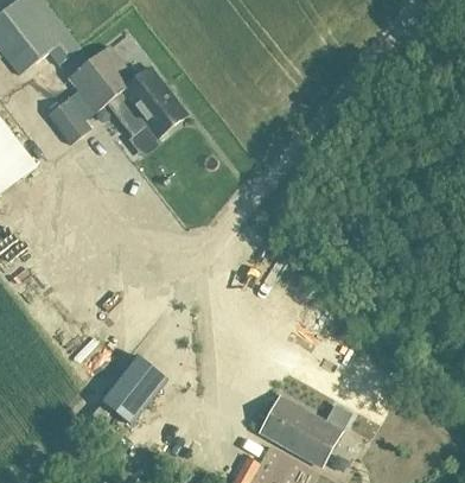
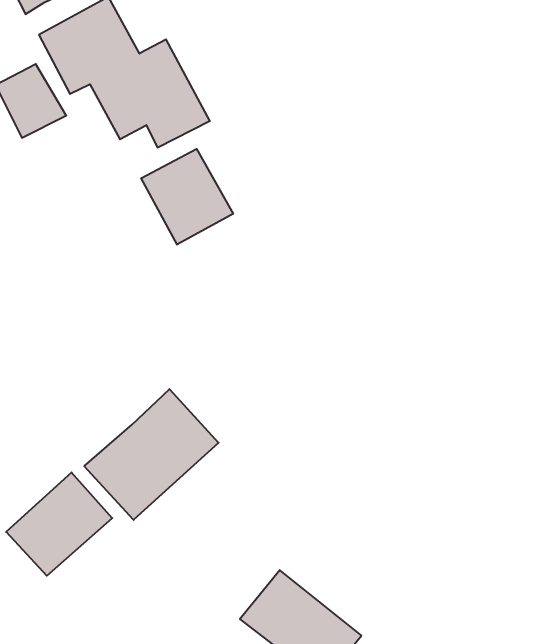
building: none -> [141,149,233,245]
building: none -> [84,389,219,520]

